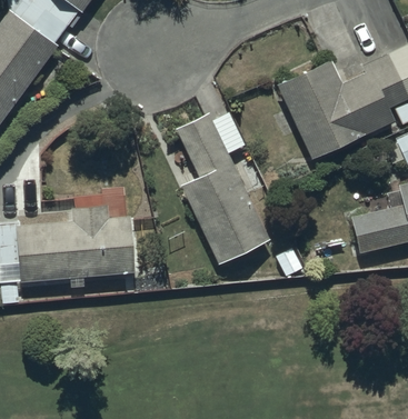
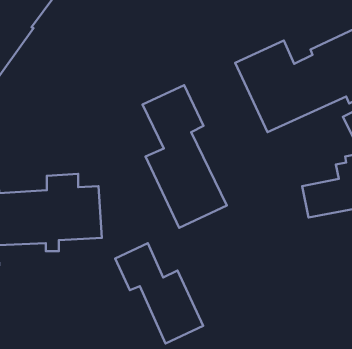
building: none -> [115,243,203,343]

